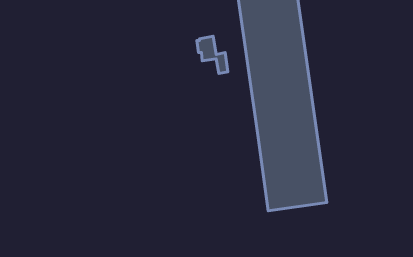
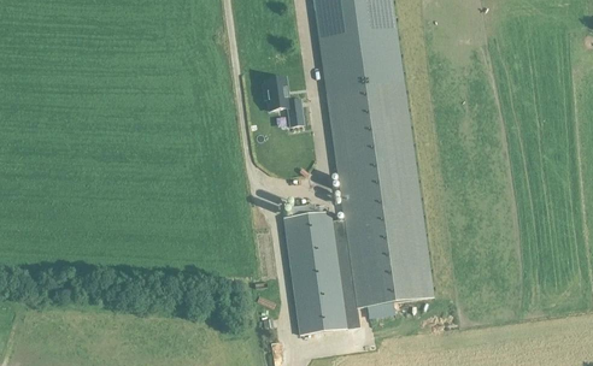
building: none -> [281,207,359,335]

